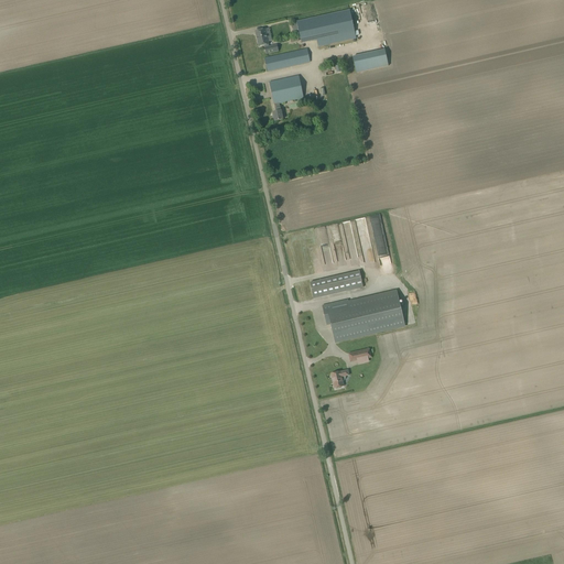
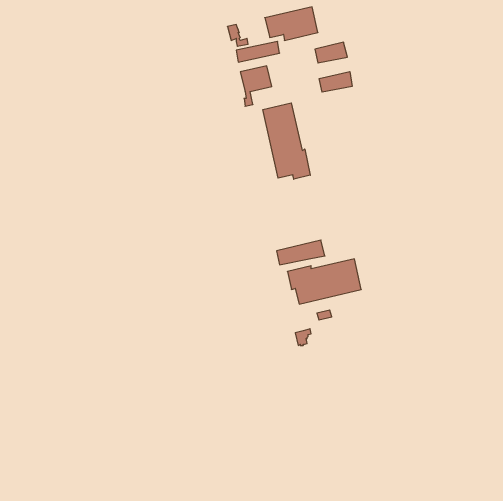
building: none -> [319,72,352,92]
building: none -> [263,103,310,179]

